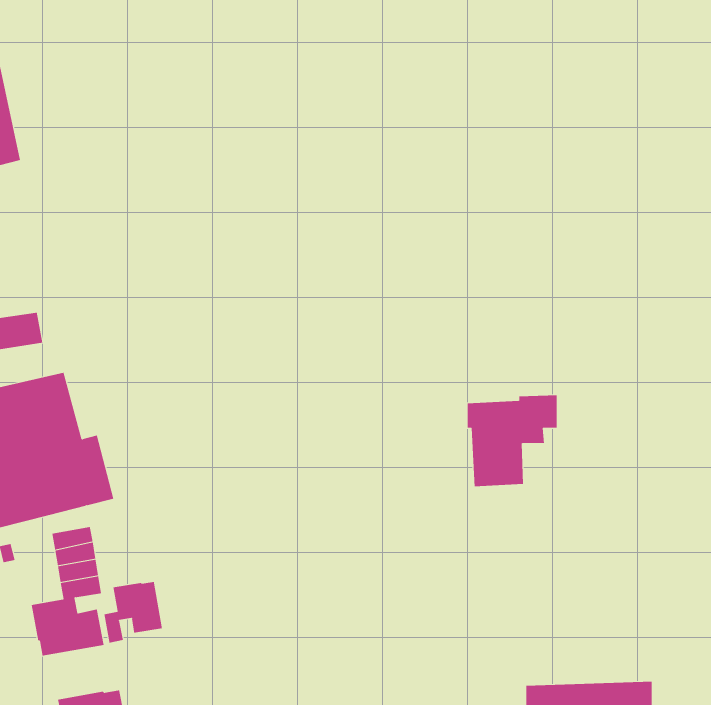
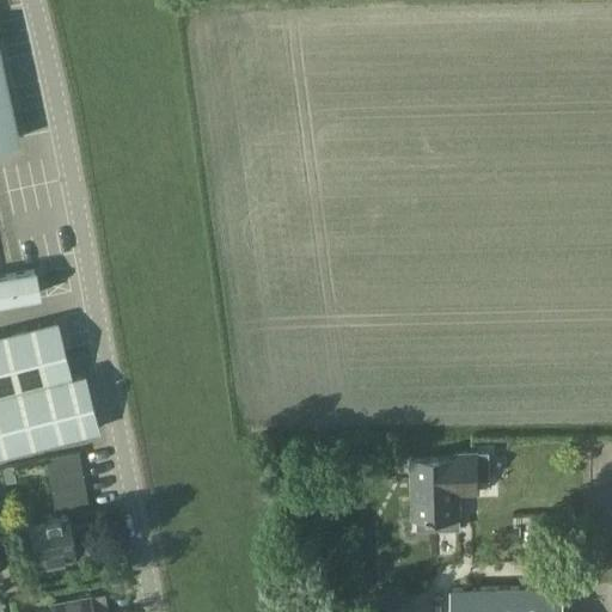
building: [467,395,557,487] -> [410,457,488,536]
building: [104,581,163,643] -> none

